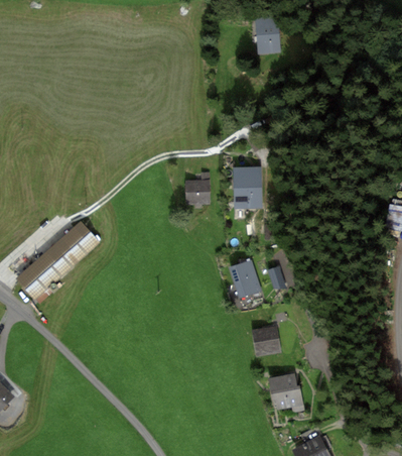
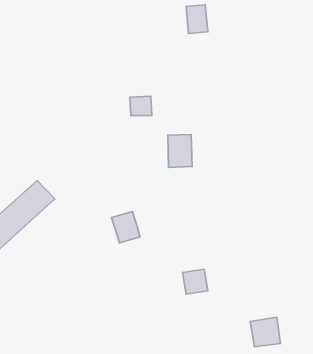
building: [187,179,213,201] -> [130,96,152,115]
building: [228,263,261,300] -> [112,212,140,243]
building: [267,374,302,409] -> [250,317,280,347]

